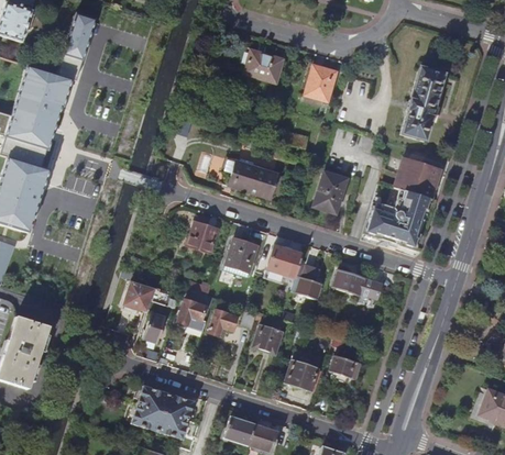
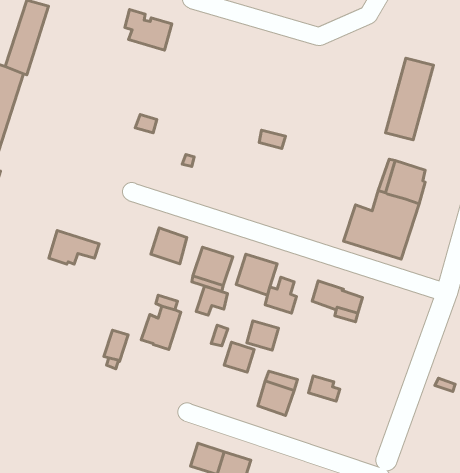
building: [241,46,284,84] -> [125,9,172,50]
building: [305,65,337,102] -> none
building: [230,162,278,199] -> none
building: [312,171,347,213] -> none
building: [124,280,171,311] -> [49,230,99,264]
building: none -> [247,321,279,350]
building: [208,310,237,336] -> [196,286,227,315]
building: [130,386,193,439] -> none

